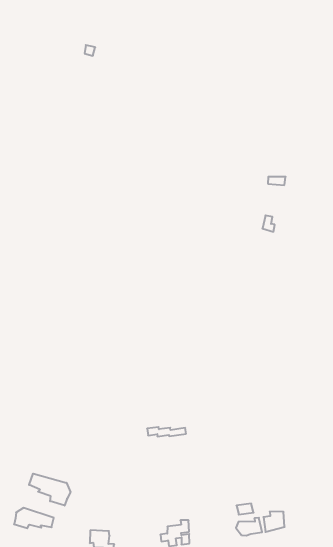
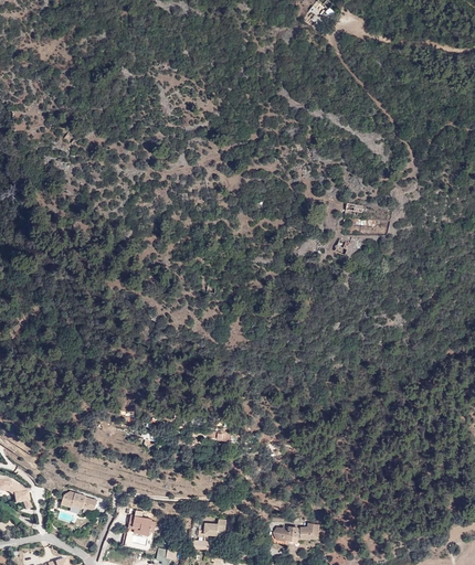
building: [29,474,70,506] -> none

